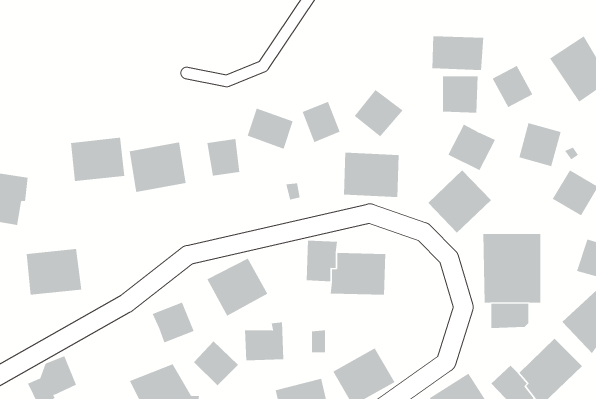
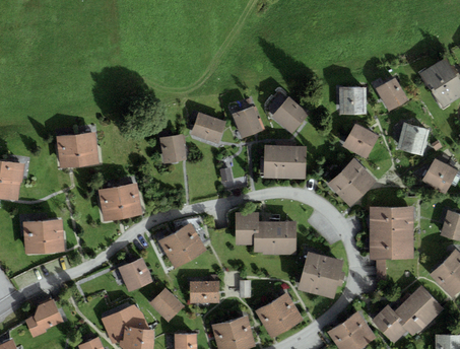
building: [432,35,484,71] -> none
building: [129,142,186,193] -> [97,183,141,221]
building: none -> [298,252,344,297]

